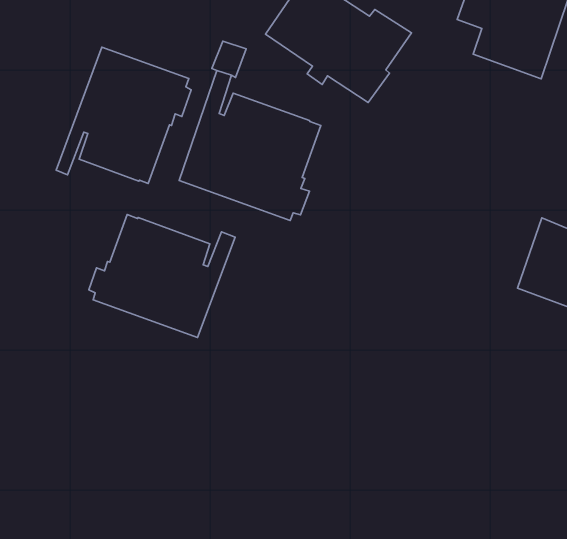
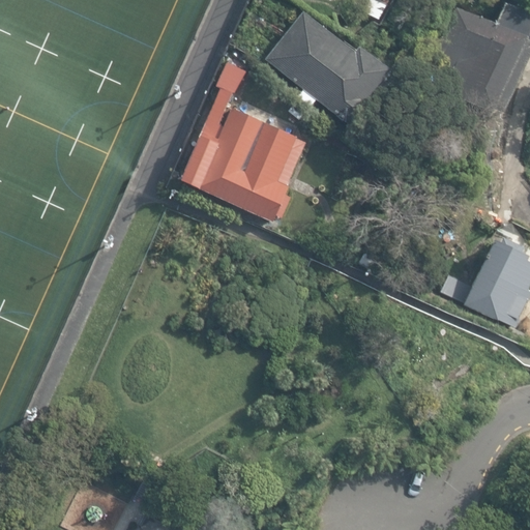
building: [56,47,191,183] -> none
building: [89,215,235,338] -> none

